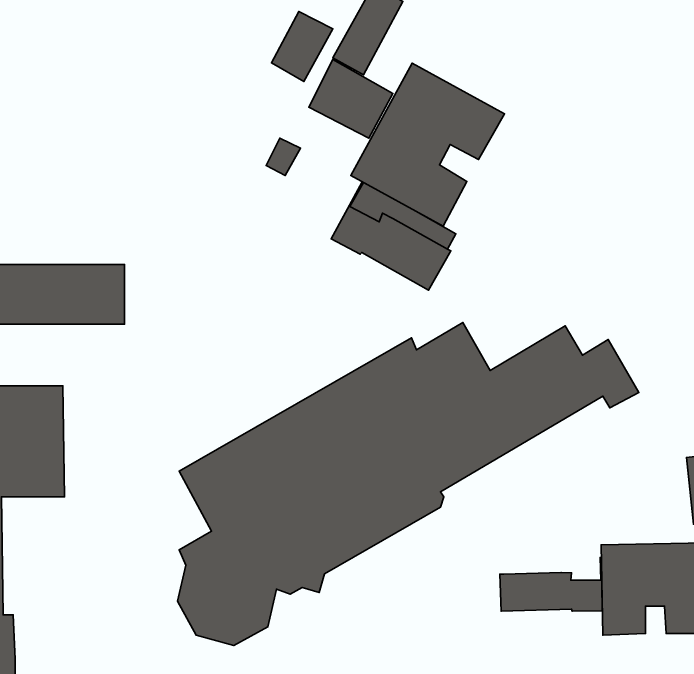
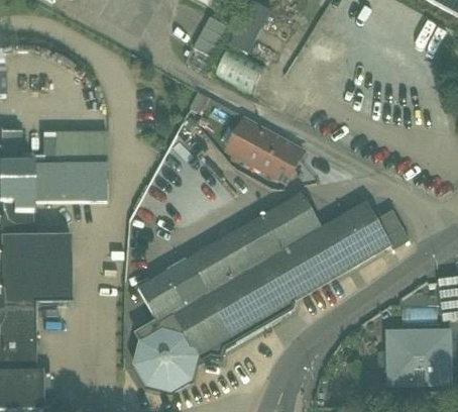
building: [351,63,504,226] -> none
building: none -> [52,131,106,164]
building: [500,557,602,611] -> none

